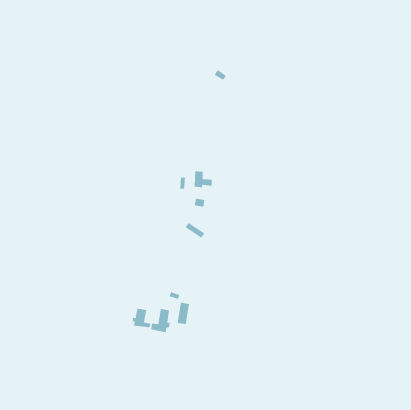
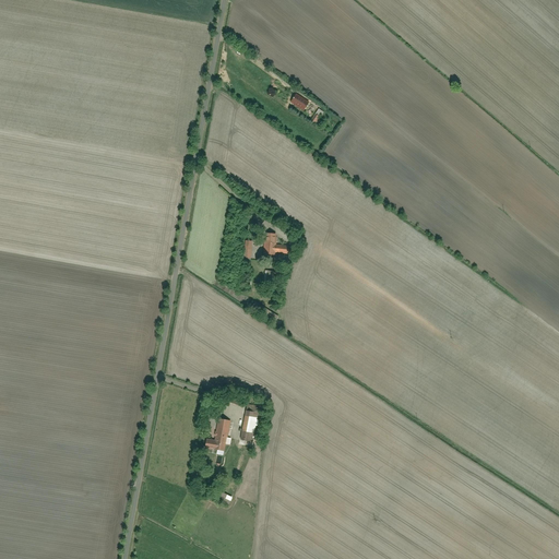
building: [132,308,151,328] -> none

